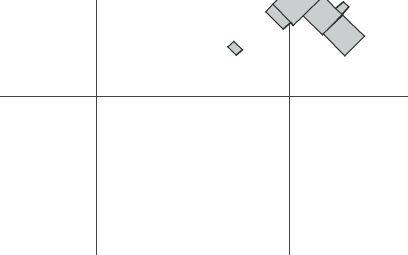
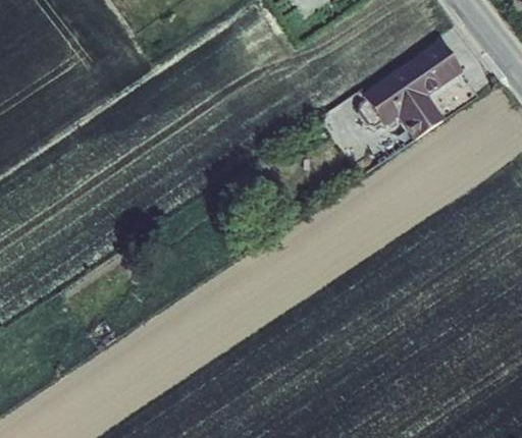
building: [323,15,364,56] -> none

